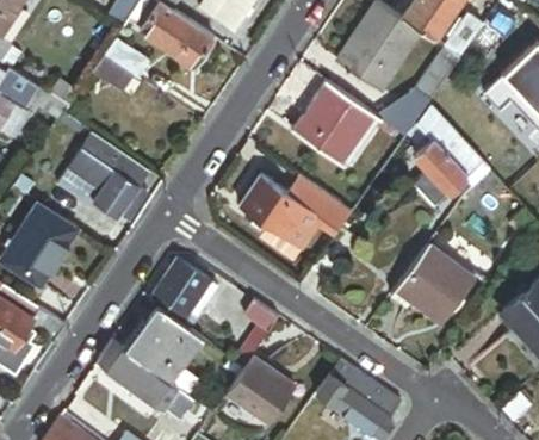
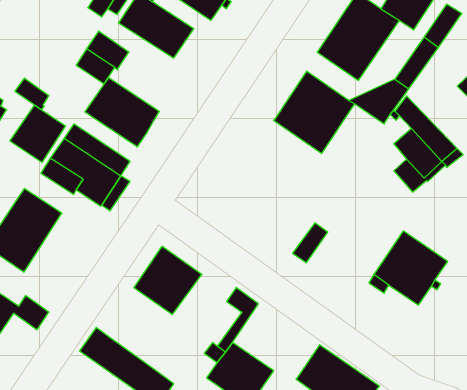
building: none -> [85,77,159,147]
building: none -> [10,105,65,162]
building: [240,173,352,248] -> none
building: [128,306,205,384] -> none

